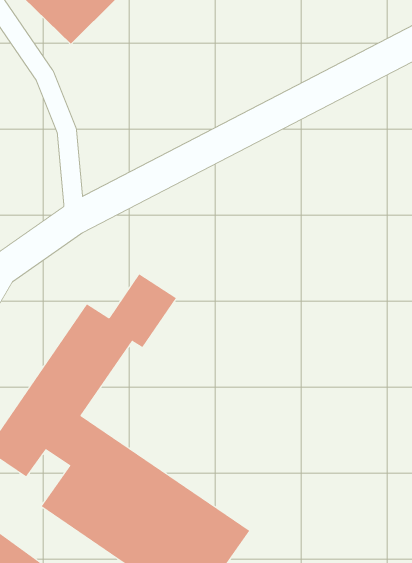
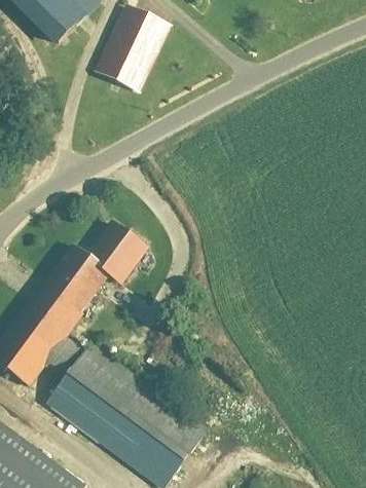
building: none -> [98,11,168,96]

